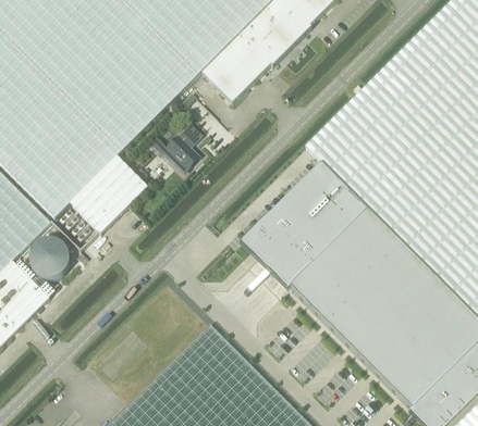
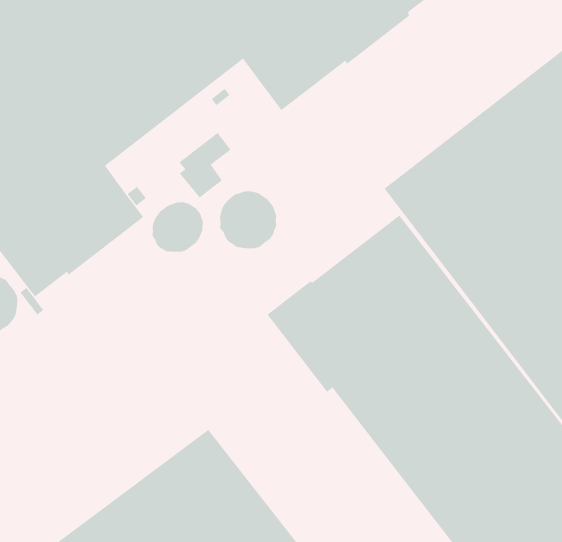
building: none -> [219,190,277,249]
building: none -> [151,202,204,253]

